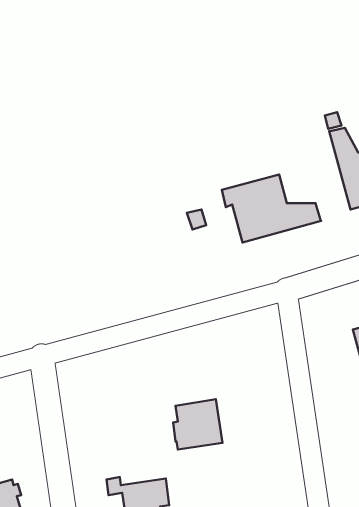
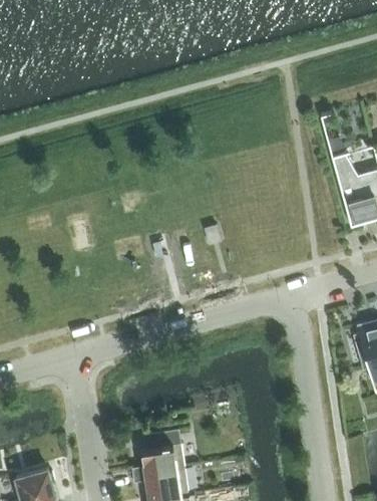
building: [222,174,321,242] -> none
building: [173,399,223,449] -> [140,429,184,474]

